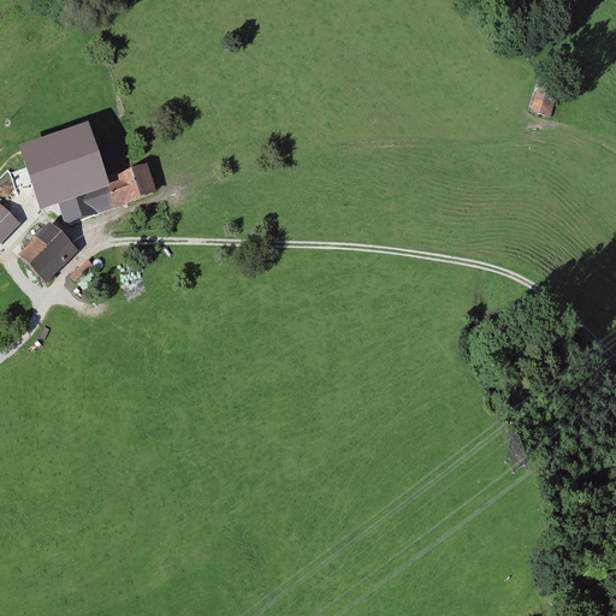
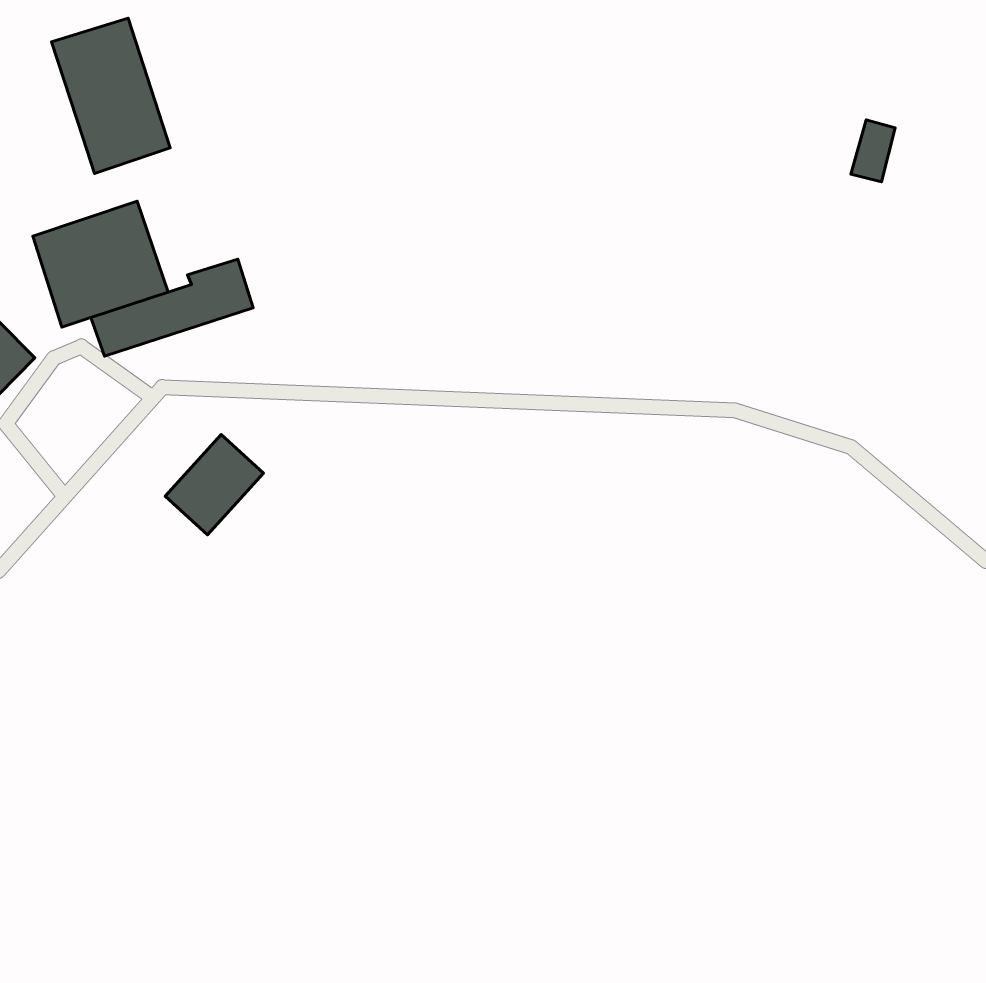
building: none -> [51,18,170,174]
building: [16,219,77,282] -> [165,434,264,535]

